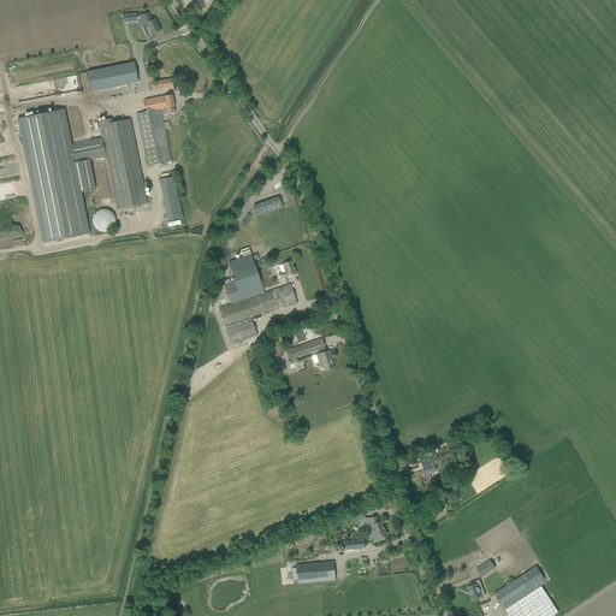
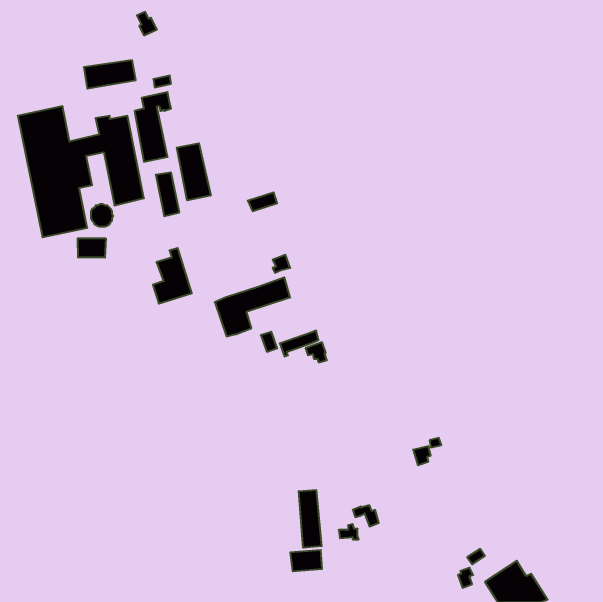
building: none -> [177,143,211,200]
building: none -> [78,238,106,258]
building: [224,247,263,303] -> [153,248,192,304]
building: none -> [299,490,321,548]

